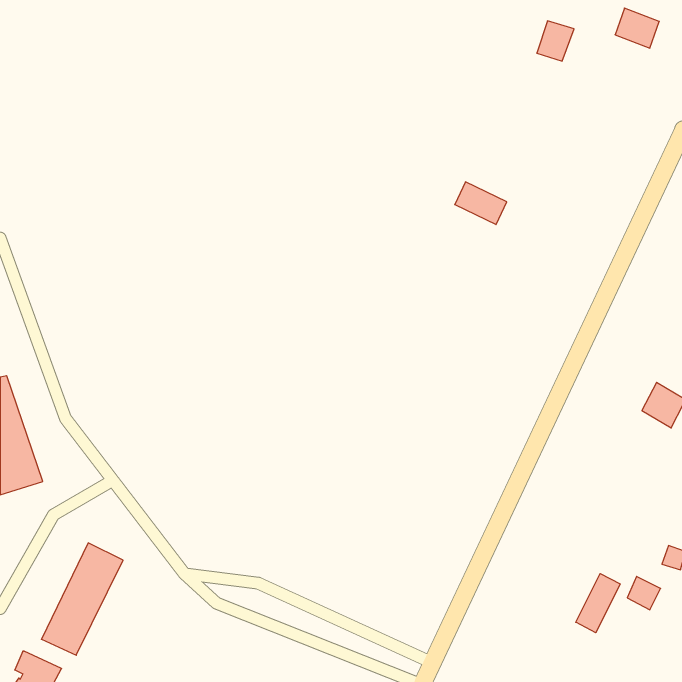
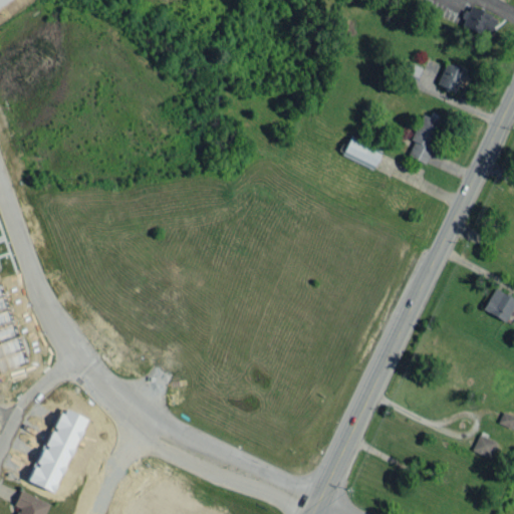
building: [537,21,574,61] -> [438,62,466,92]
building: none -> [407,114,442,164]
building: [576,574,620,633] -> none

